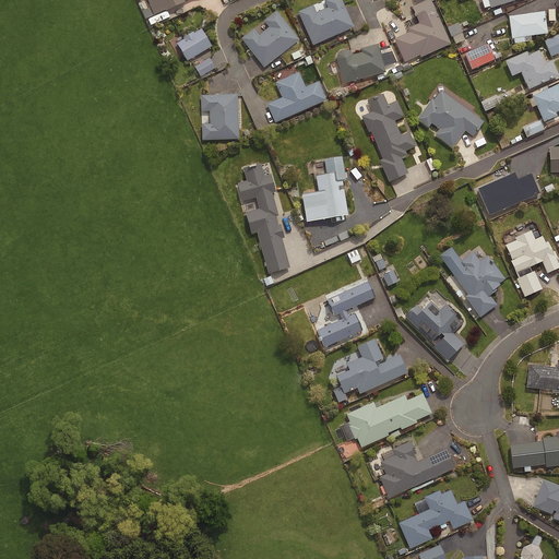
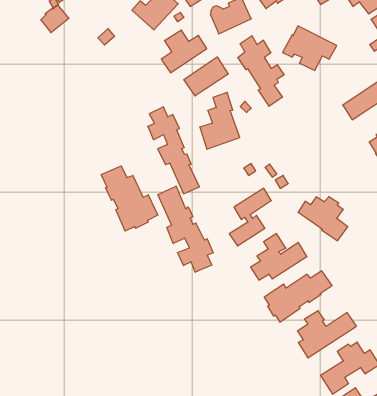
building: [177,28,212,61] -> [41,5,69,33]
building: [201,94,239,140] -> none
building: none -> [184,57,228,96]
building: none -> [101,166,158,231]
building: [453,252,506,317] -> none
building: none -> [158,186,213,272]

